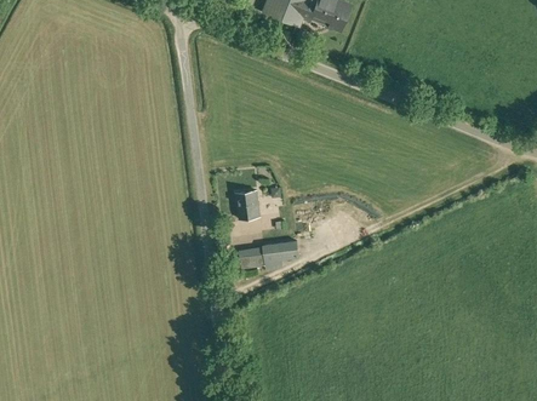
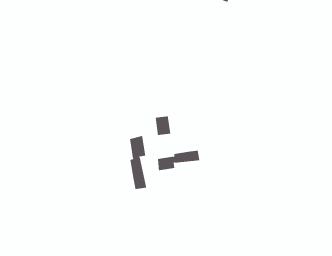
building: none -> [129,135,147,190]

